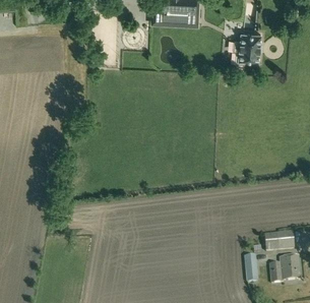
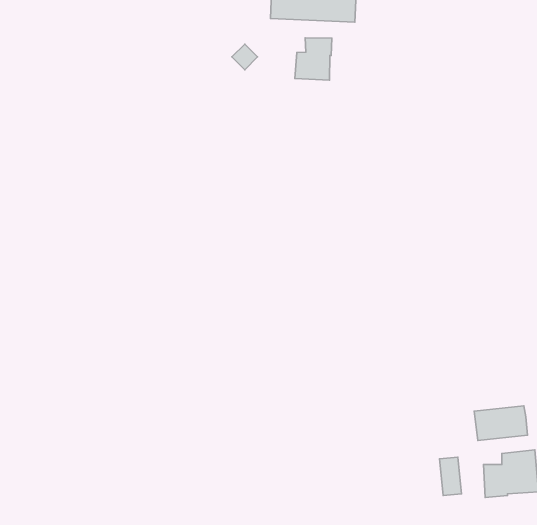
building: none -> [295,38,332,80]
building: [235,34,260,64] -> none

